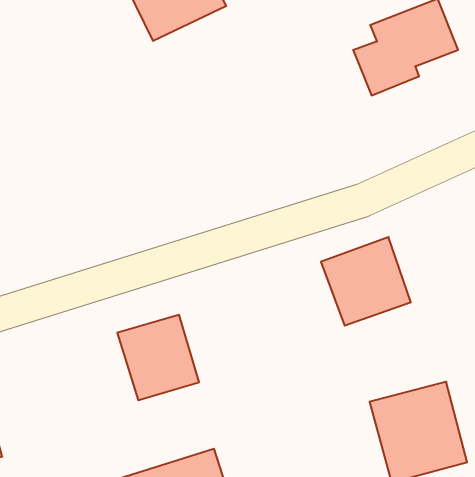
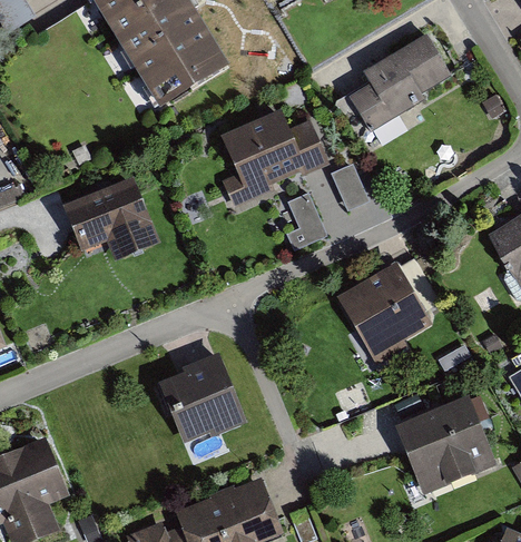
building: none -> [222,110,327,200]
building: none -> [61,180,154,262]
building: none -> [325,162,366,213]
building: none -> [283,194,320,248]

